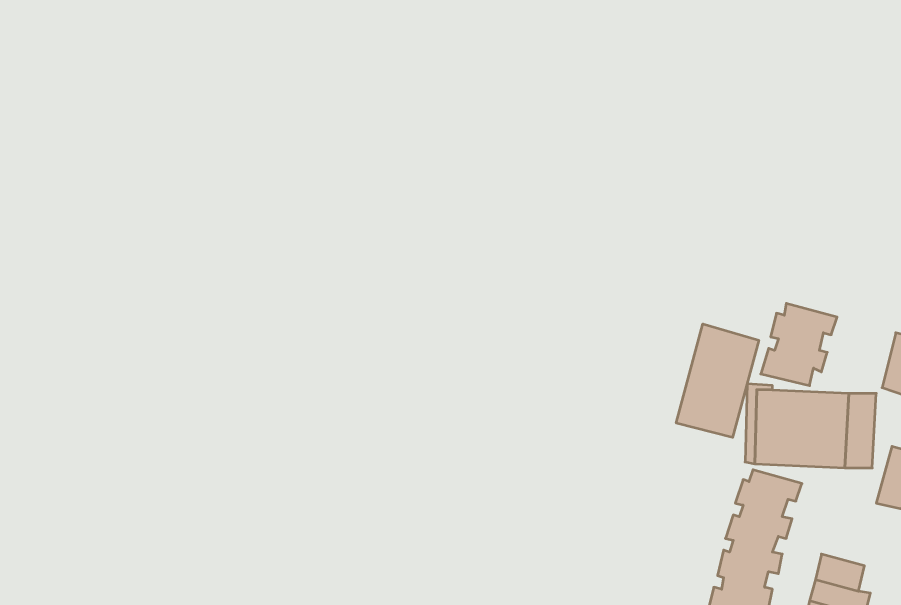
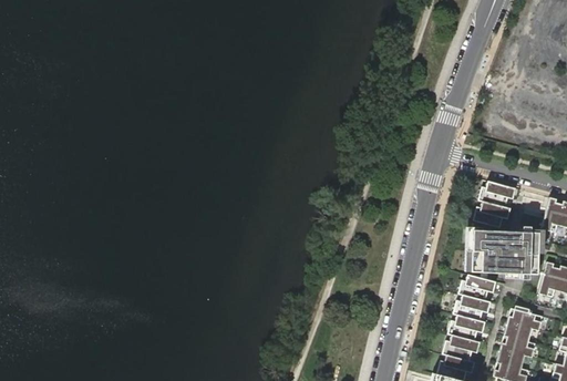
building: [676,324,759,437] -> none
building: none -> [509,306,545,331]

